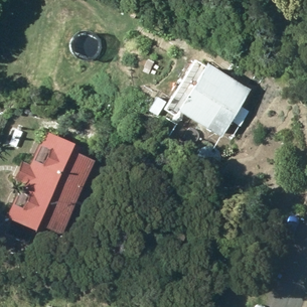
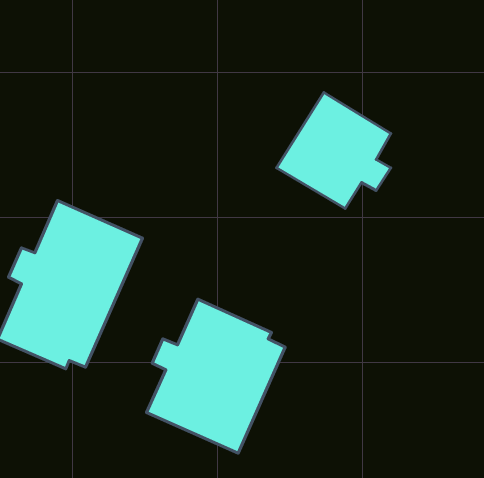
building: none -> [146,299,285,453]

